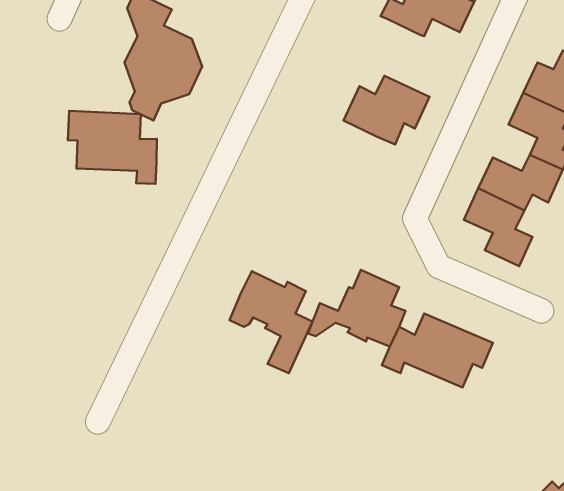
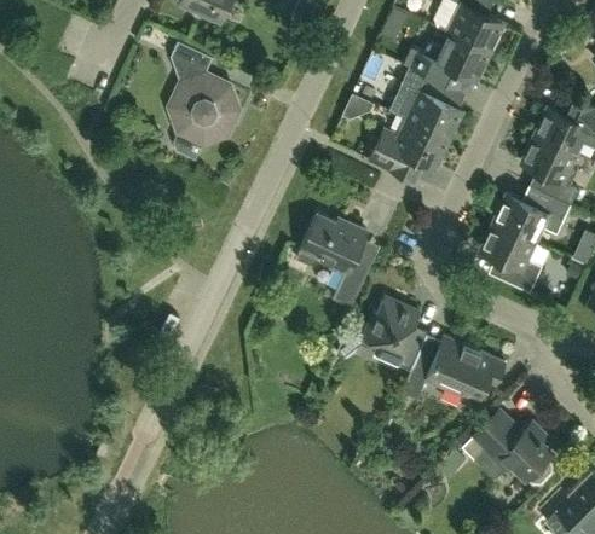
building: none -> [402,66,463,138]
building: [68,111,157,184] -> none
building: [229,271,313,373] -> [298,214,374,307]
building: none -> [462,410,553,482]

